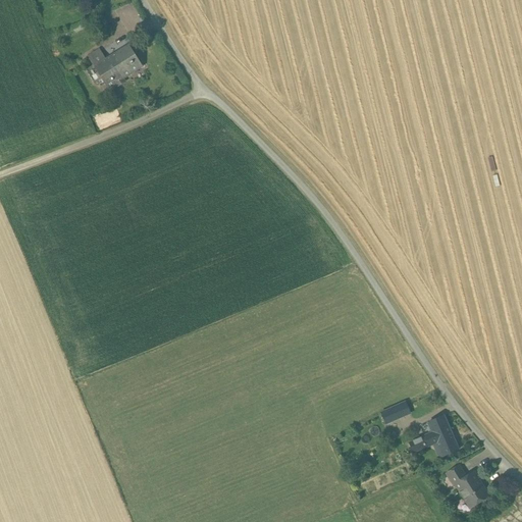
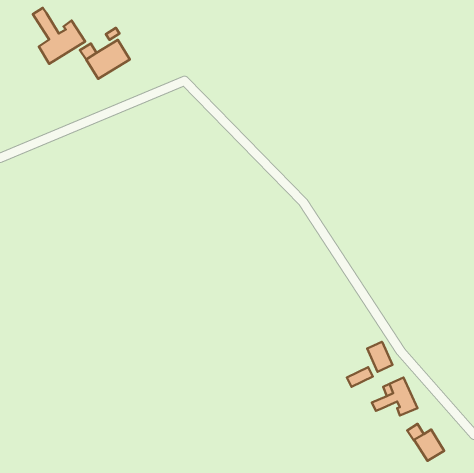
building: none -> [33,8,85,64]
building: none -> [367,342,393,372]

